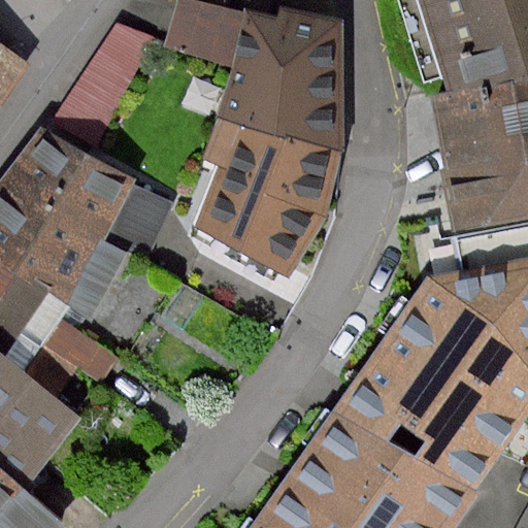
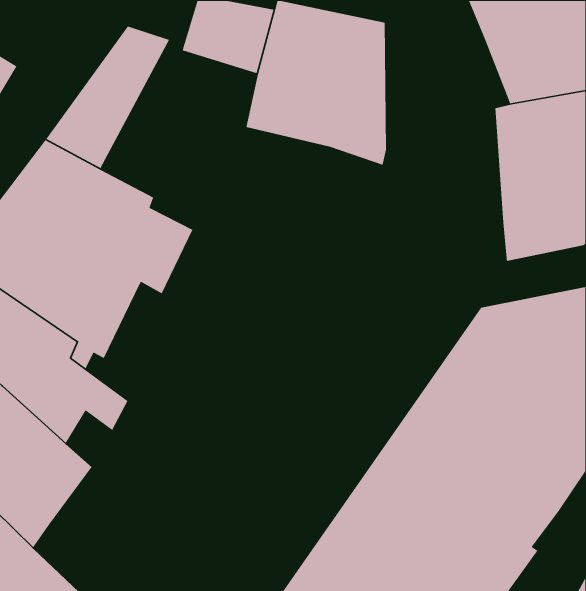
building: [195,114,341,276] -> none

